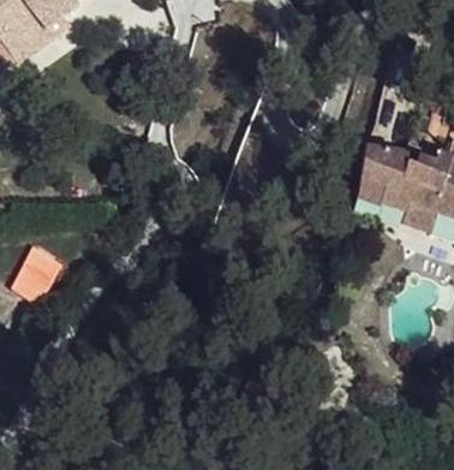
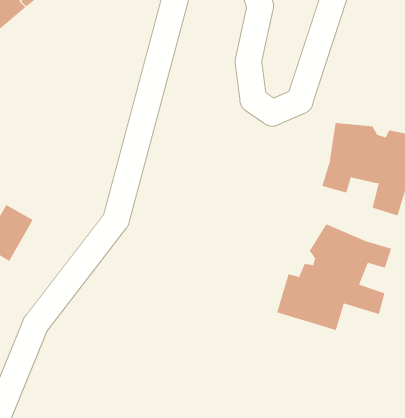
building: none -> [276,224,392,331]

